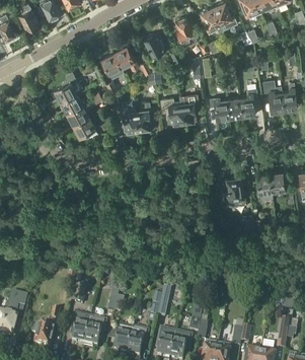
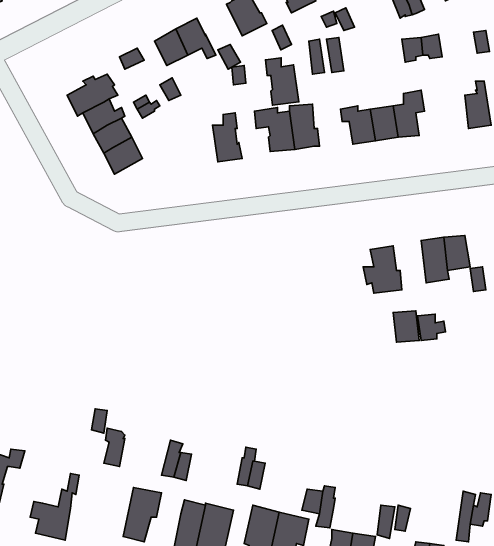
building: [261,80,284,113] -> none
building: [120,104,139,132] -> [265,58,299,105]
building: [68,314,90,347] -> none

